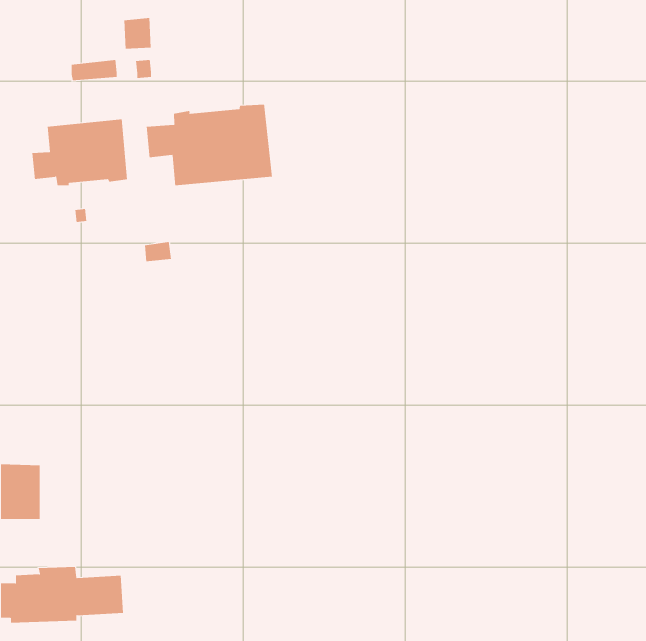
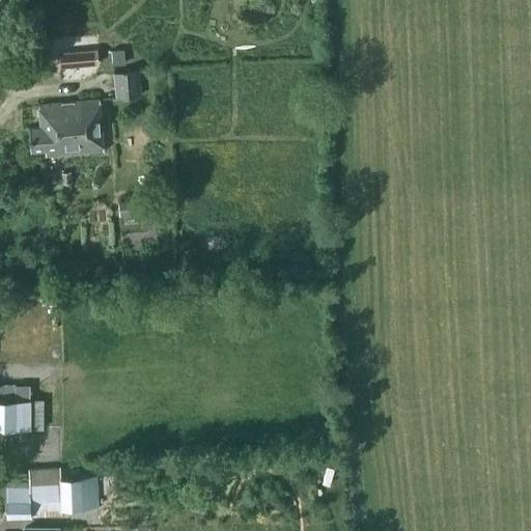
building: [124,18,151,49] -> [114,74,137,100]
building: [146,104,273,186] -> none

